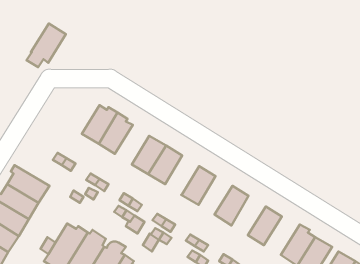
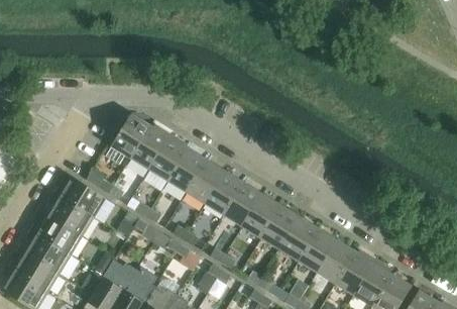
building: [26,23,66,67] -> [106,113,150,163]
building: none -> [167,147,206,192]
building: none -> [54,176,105,216]
building: none -> [224,182,262,226]
building: none -> [261,205,300,248]
building: none -> [299,227,337,272]
building: none -> [335,250,375,294]

